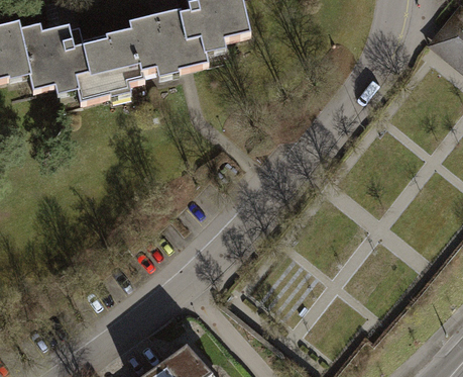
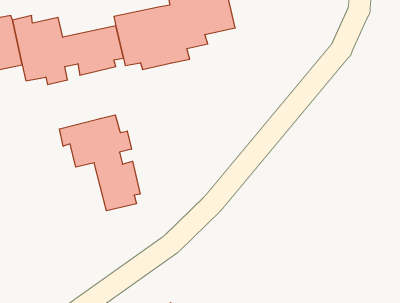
building: none -> [59,115,140,211]

